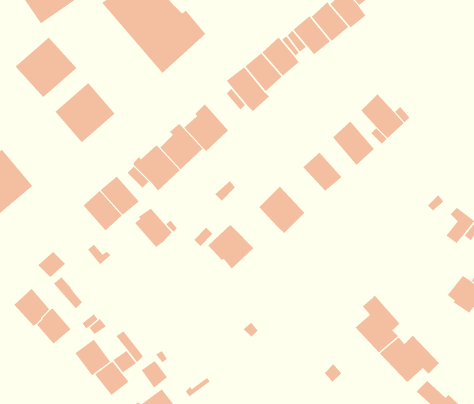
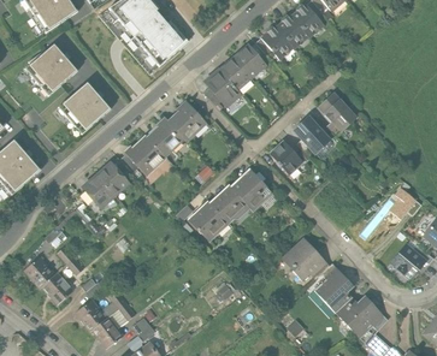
building: none -> [211,185,248,222]
building: [134,208,172,248] -> none
building: none -> [280,237,329,280]

